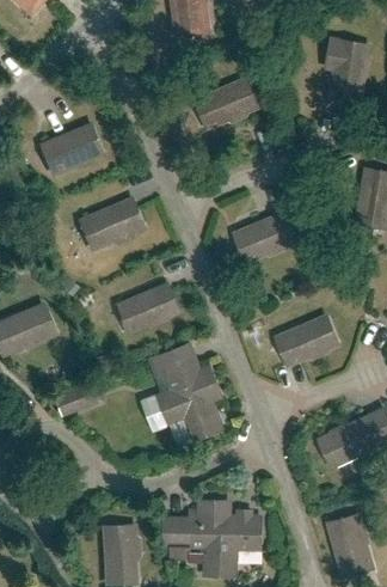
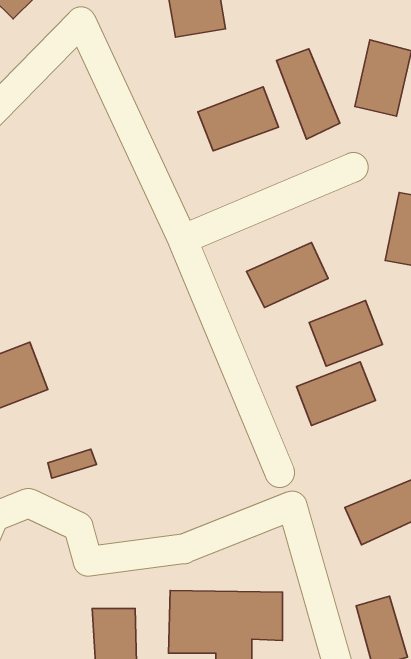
building: none -> [276,49,340,139]
building: [41,121,106,177] -> none
building: [80,192,151,251] -> none
building: none -> [309,300,383,366]
building: [115,283,184,342] -> none
building: [142,349,223,446] -> none

